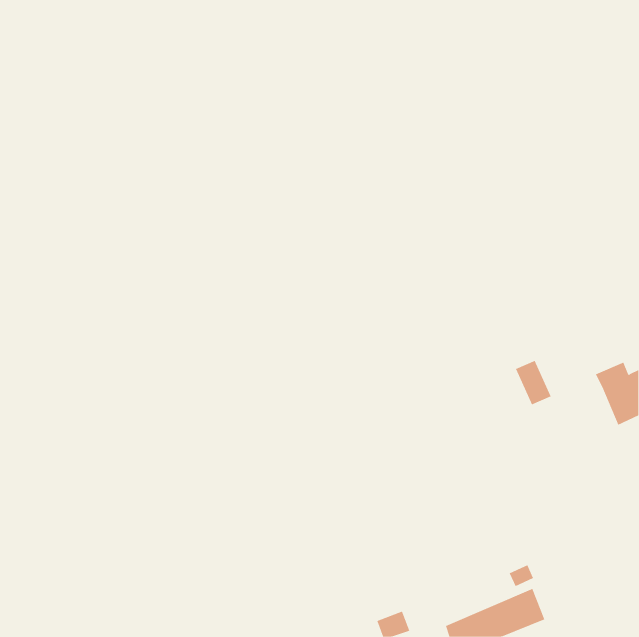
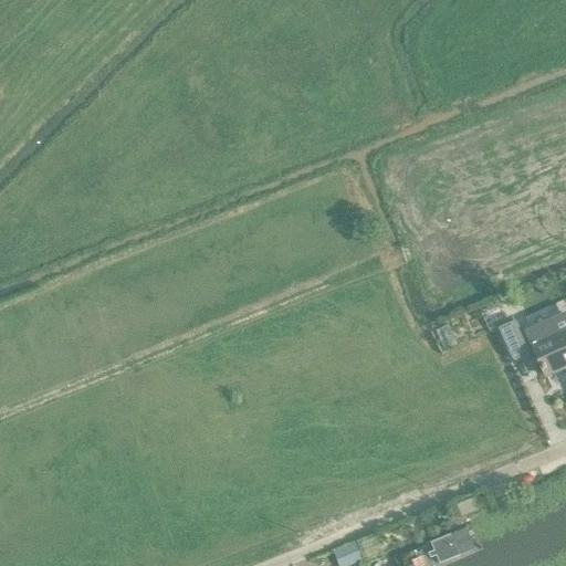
building: [515,360,551,405] -> [500,319,532,359]

